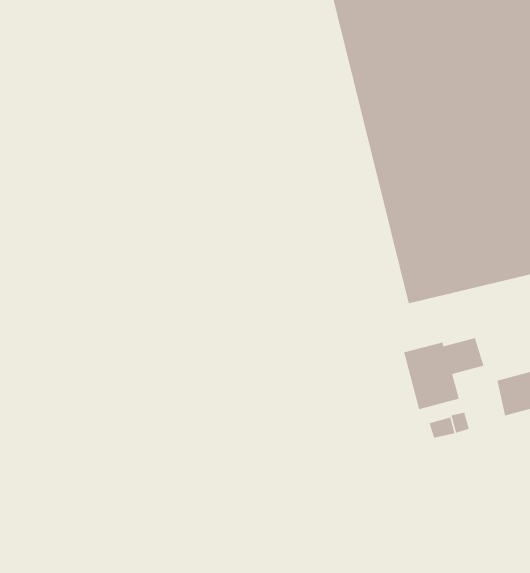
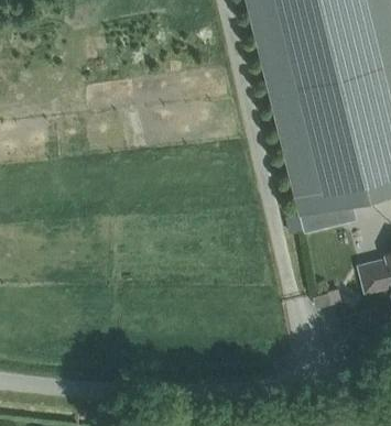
building: [403,337,485,410] -> none

